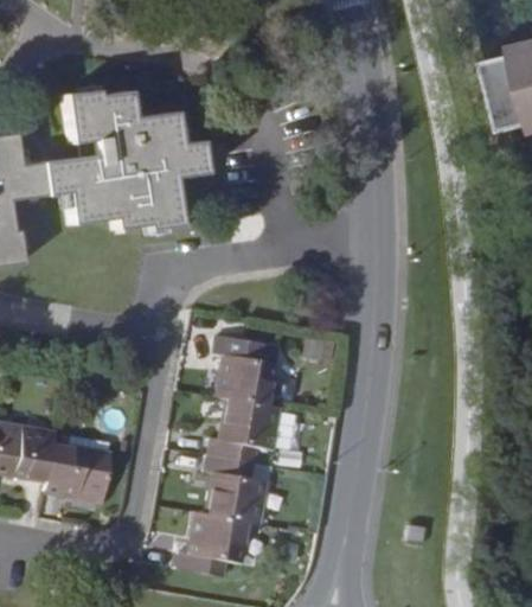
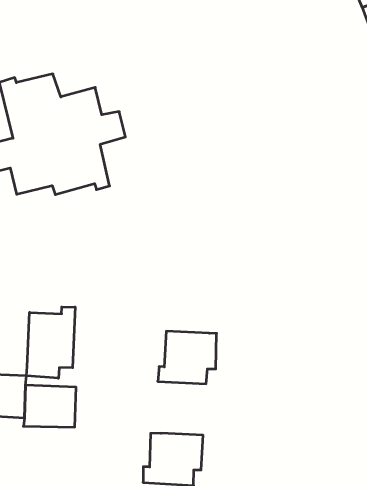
building: [211,337,282,408] -> none
building: none -> [27,307,75,378]
building: [201,455,267,525] -> none

